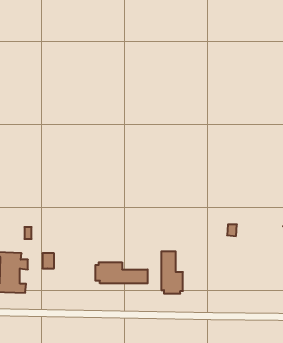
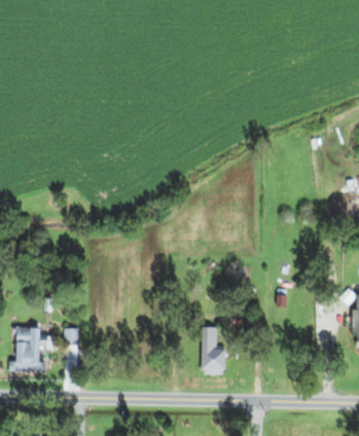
building: [95,262,148,283] -> none

